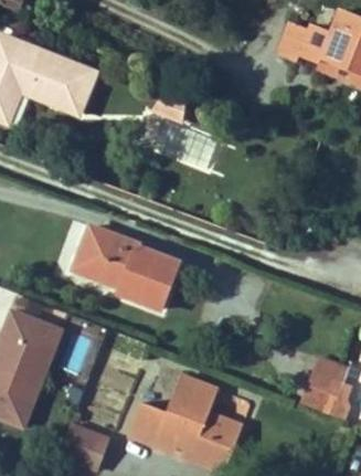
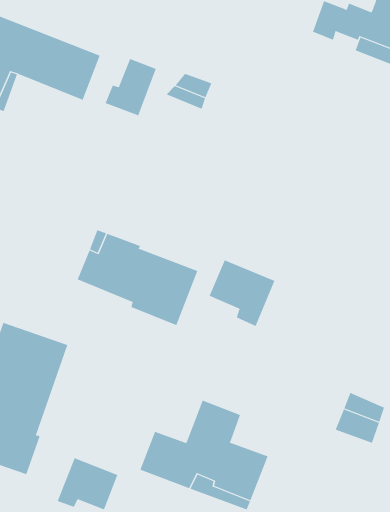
building: none -> [105,58,157,116]
building: none -> [209,259,275,327]

